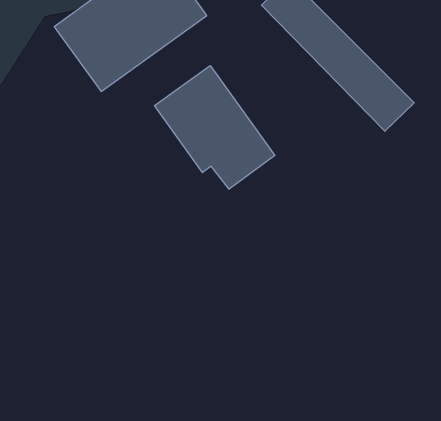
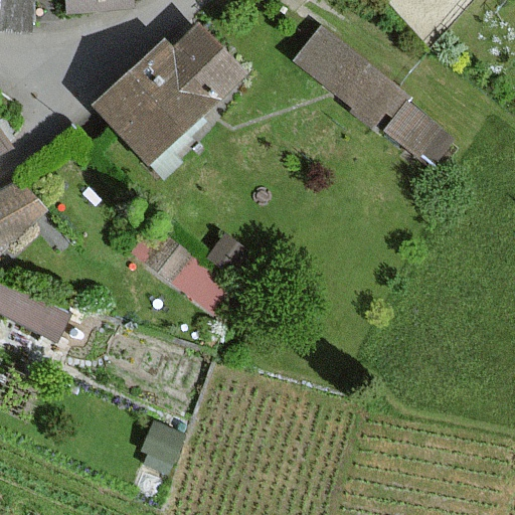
building: [154,66,275,189] -> none

